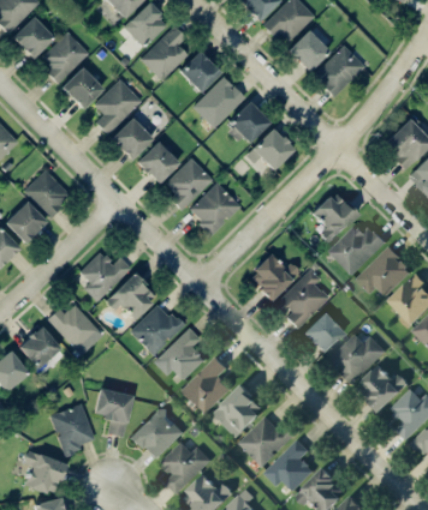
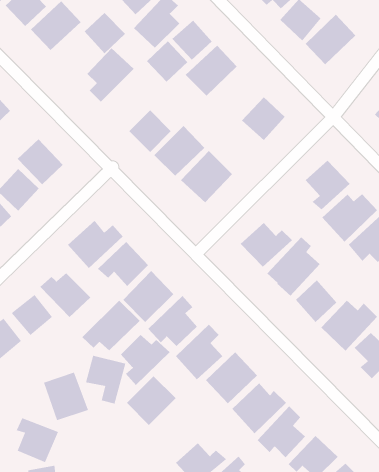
building: [61,67,103,109] -> [84,12,126,54]
building: [228,102,269,143] -> none
building: [111,118,153,160] -> [146,41,188,83]
building: none -> [82,300,141,351]
building: [161,442,212,493] -> [120,334,171,386]

